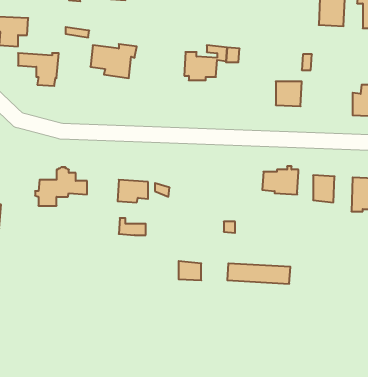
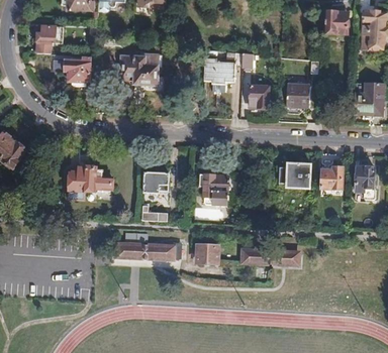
building: none -> [249,86,269,110]
building: none -> [197,173,224,201]
building: none -> [118,242,173,260]

